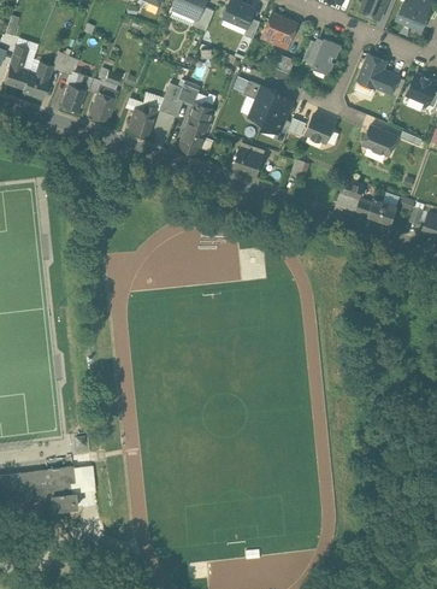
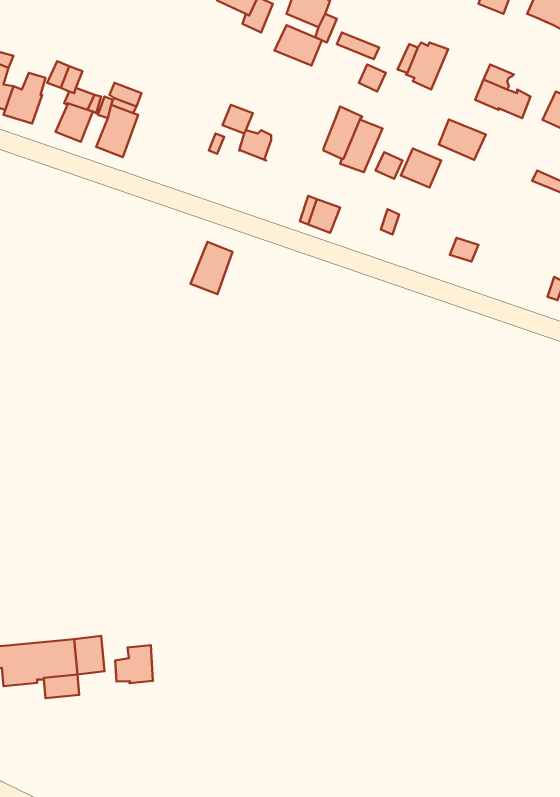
building: [264,14,297,43] -> [275,25,322,66]
building: [128,104,157,135] -> none
building: [179,117,209,154] -> [191,242,233,294]
building: [364,126,397,155] -> [439,119,486,160]
building: [356,199,397,223] -> none
building: none -> [115,645,153,683]

